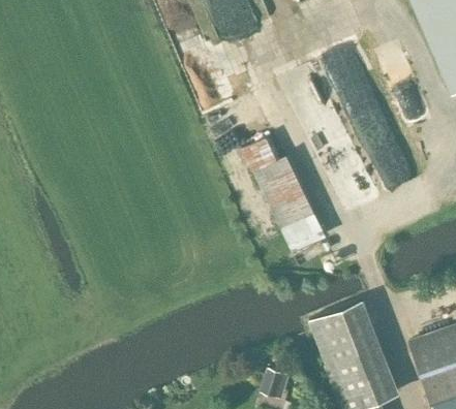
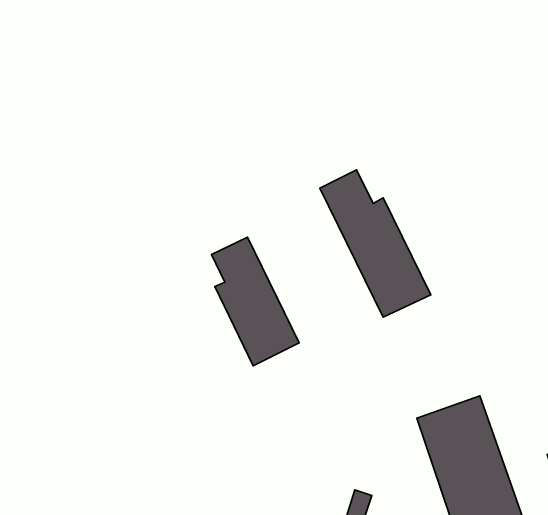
building: none -> [212,237,299,366]

